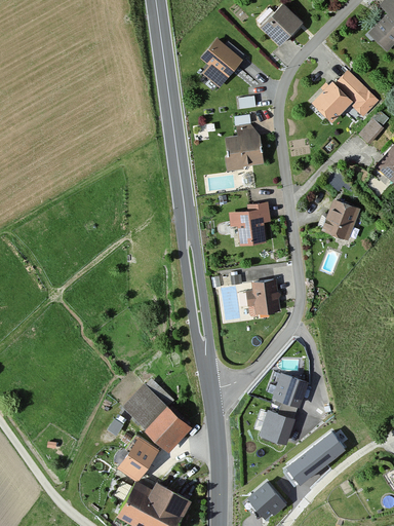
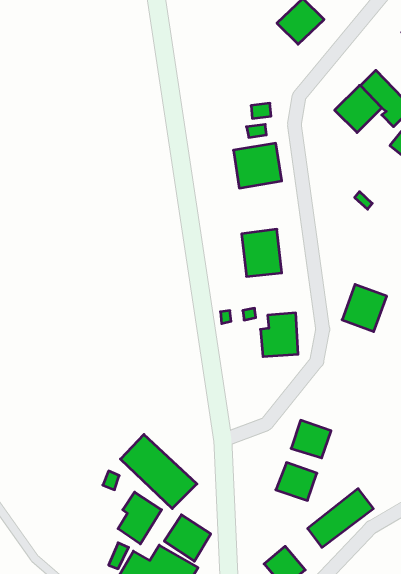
building: [200,39,243,88] -> none
building: [320,200,359,241] -> [342,284,387,332]
building: none -> [164,515,211,561]

